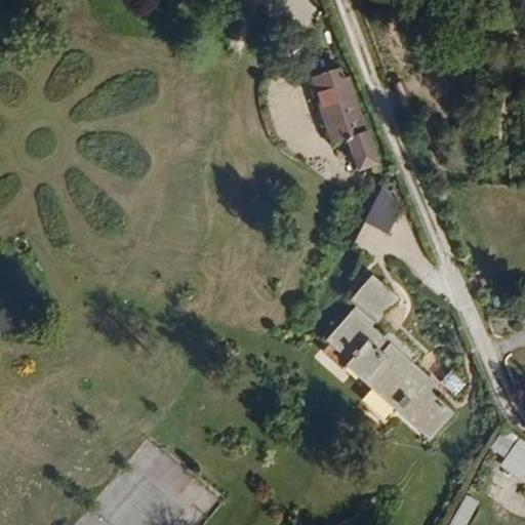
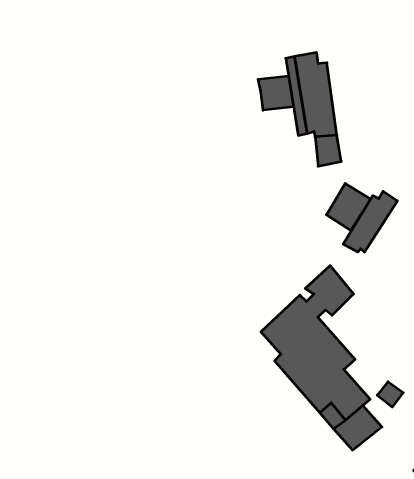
building: none -> [258,76,294,110]
building: none -> [343,191,397,252]

